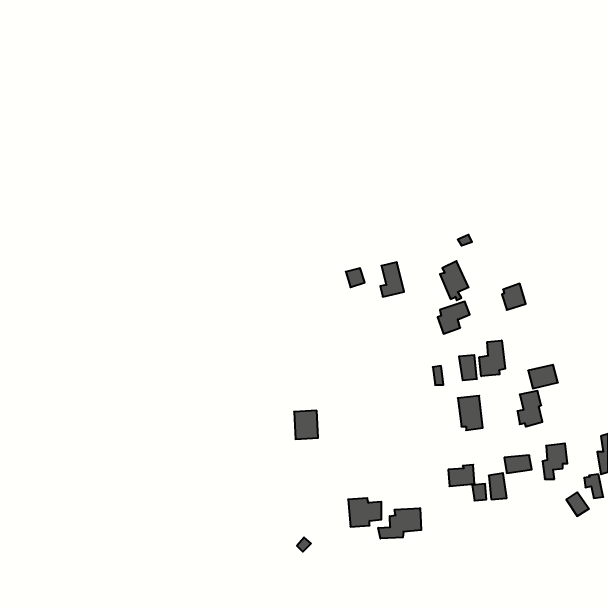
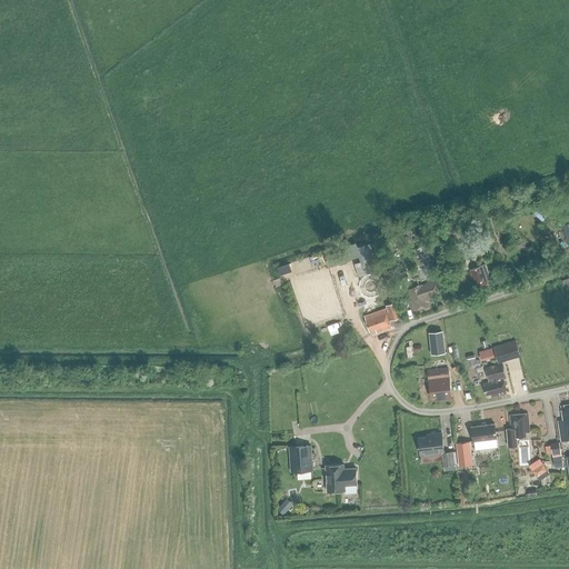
building: none -> [363,303,399,333]
building: [479,340,505,376] -> none
building: [294,411,318,439] -> [289,446,311,472]
building: [378,508,421,539] -> none

